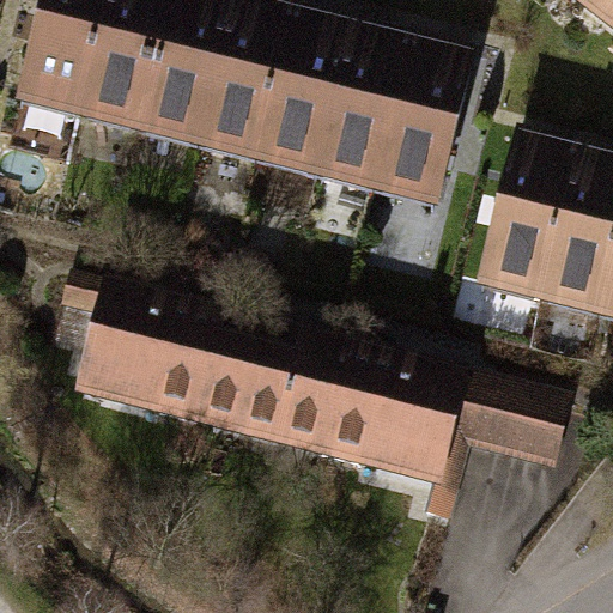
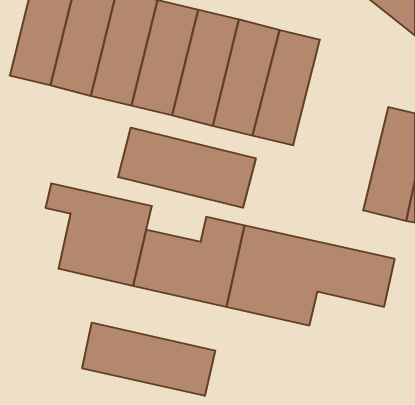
building: [473,142,572,310] -> none
building: none -> [118,128,256,208]
building: none -> [82,323,215,396]

